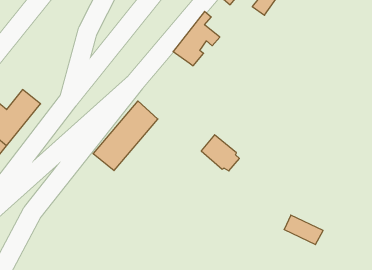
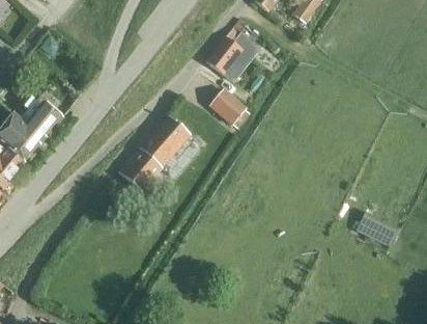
building: [201,135,239,171] -> [209,87,251,127]
building: [284,215,323,245] -> [357,215,399,247]

